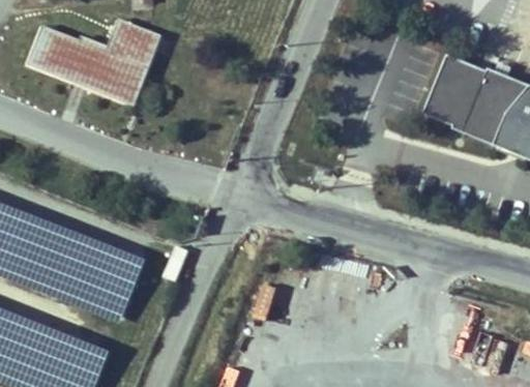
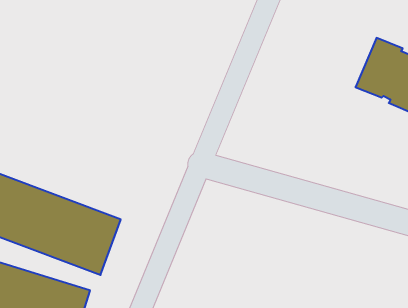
building: [39,14,160,92] -> none

